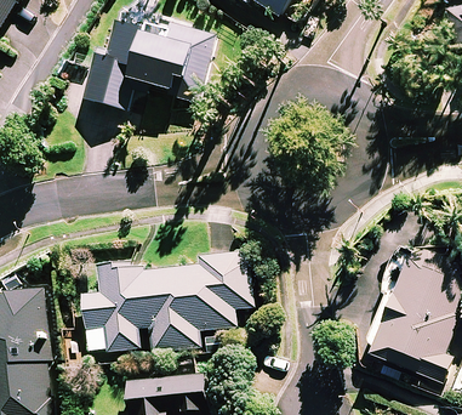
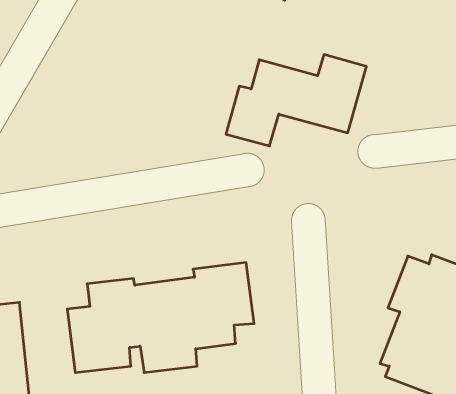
building: [85,24,213,108] -> [226,55,366,146]

